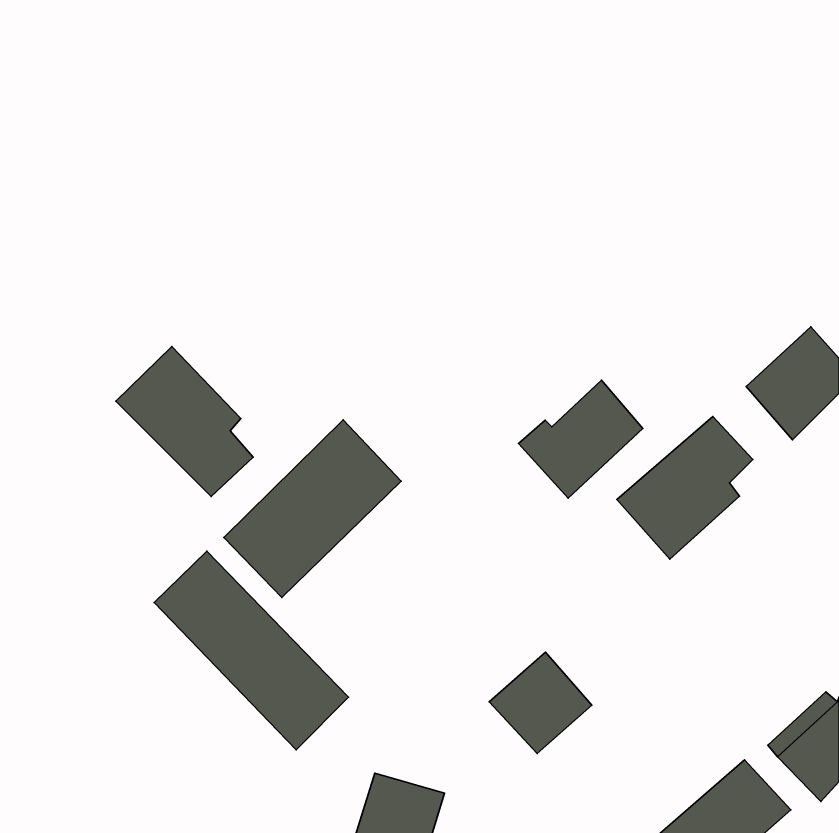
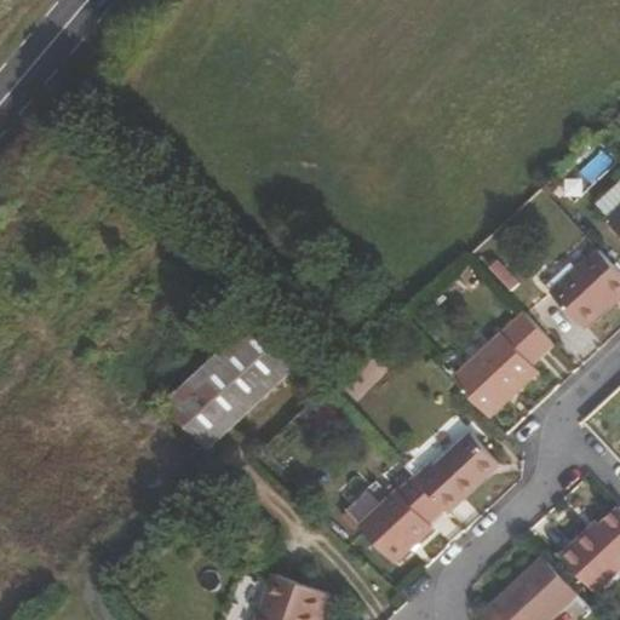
building: [116,347,253,496] -> none
building: [519,380,643,498] -> [412,426,503,512]
building: [154,551,348,750] -> none

